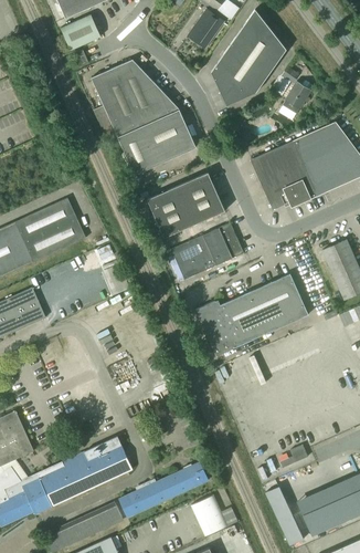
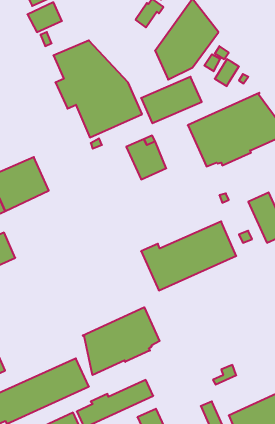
building: [147,186,194,238] -> none
building: [171,223,243,279] -> [141,77,202,123]
building: none -> [83,307,160,375]

